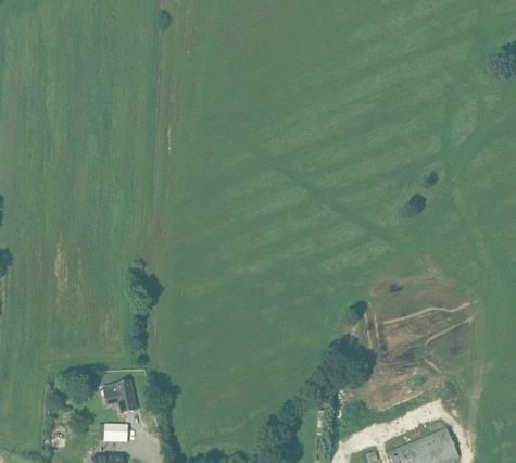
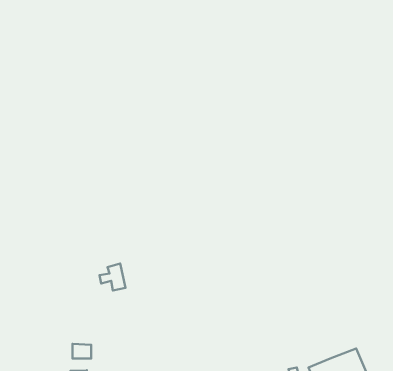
building: [104,381,136,414] -> [99,264,126,291]

